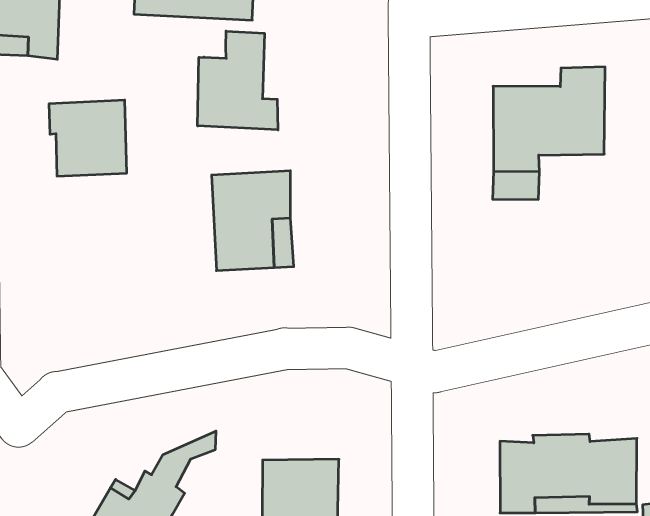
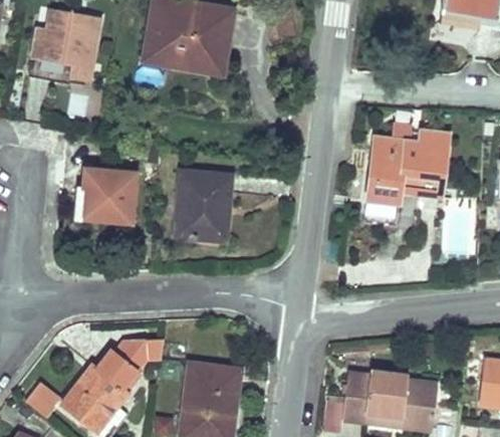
building: [198,31,278,130] -> none
building: [49,100,127,176] -> [84,169,137,221]

